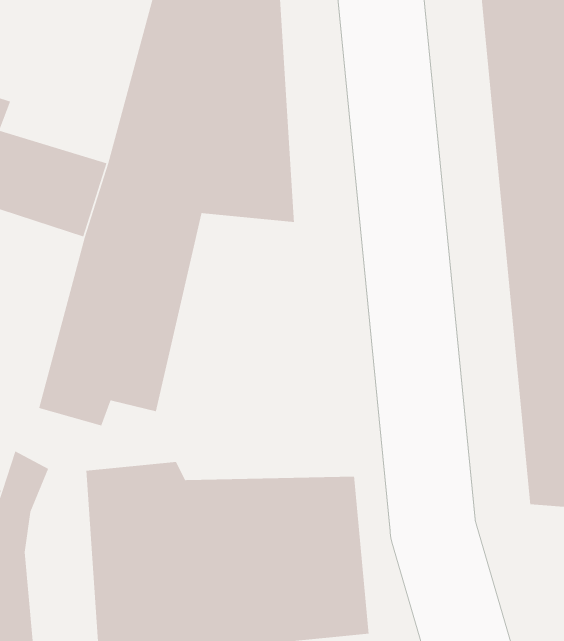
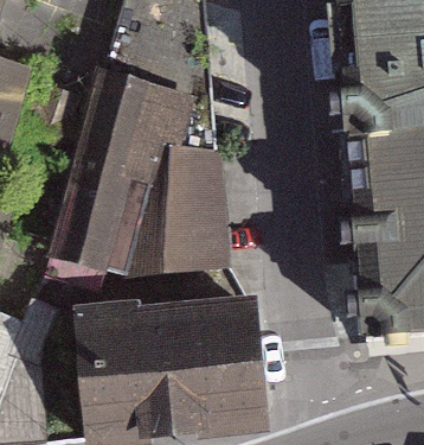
building: none -> [124,140,225,269]

